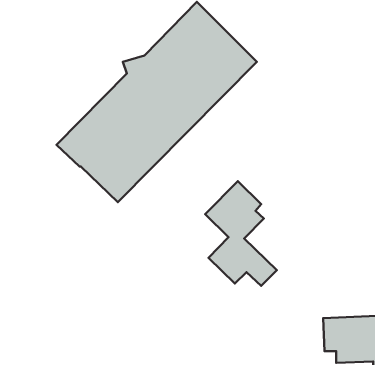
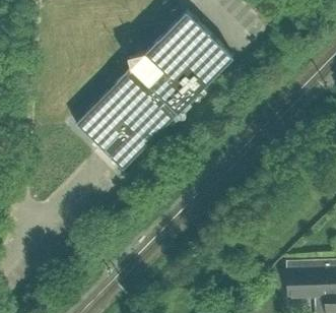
building: [205,181,277,286] -> none

